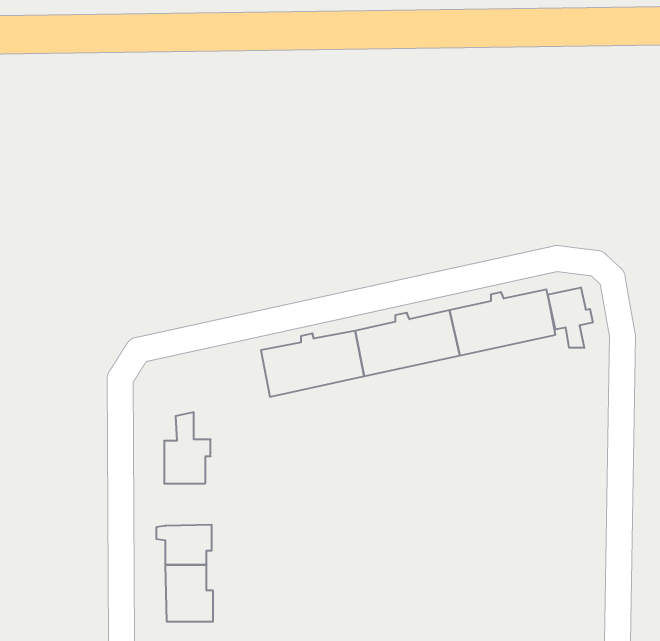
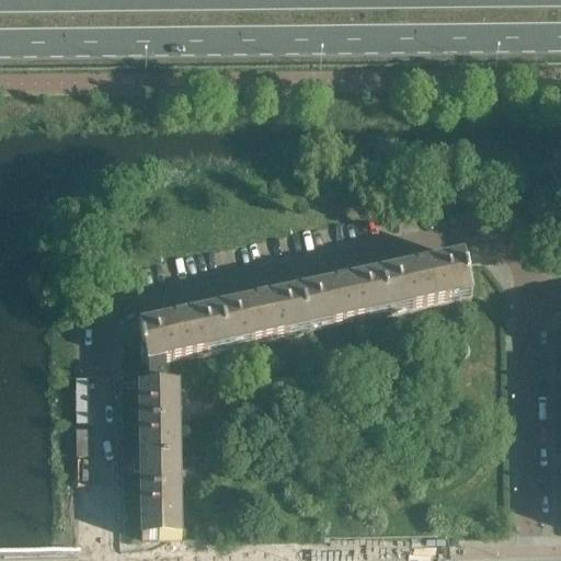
building: [548,287,593,348] -> none
building: none -> [139,297,229,354]
building: none -> [139,410,180,446]

